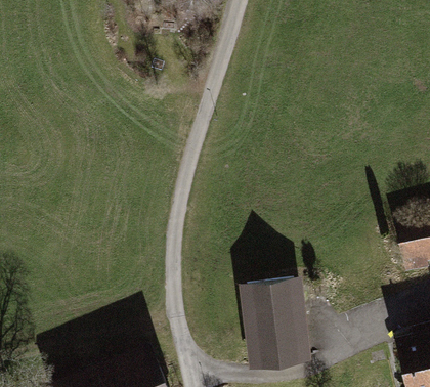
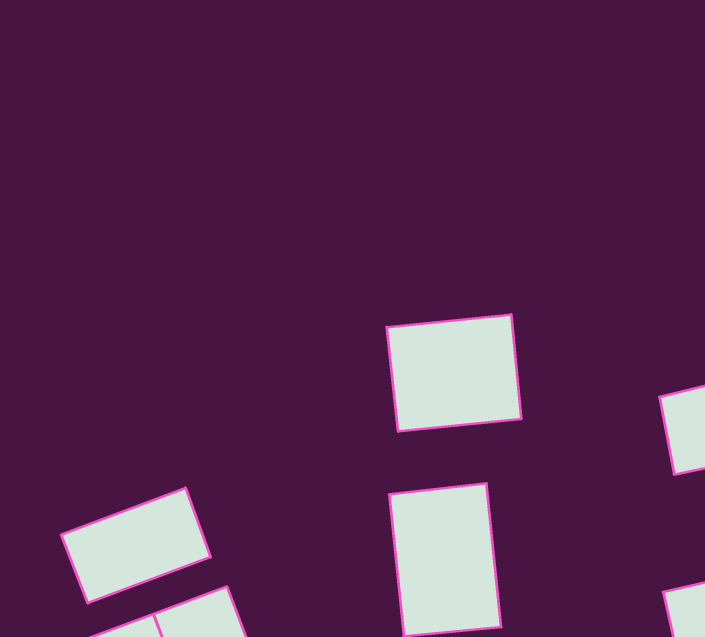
building: none -> [387,314,521,432]
building: none -> [61,488,211,603]

